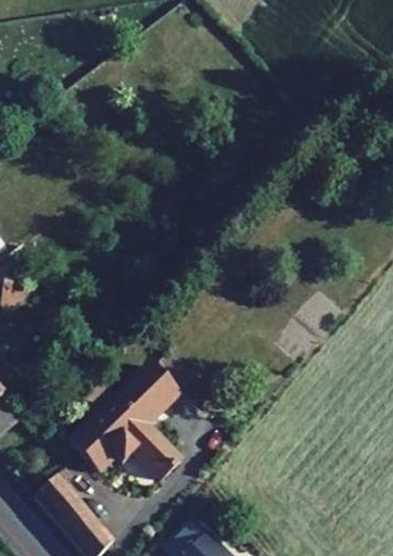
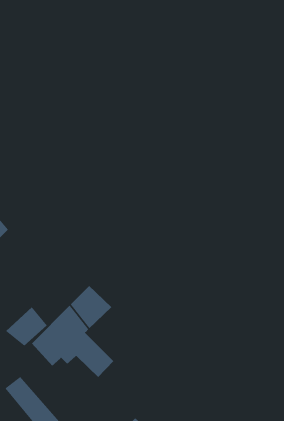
building: none -> [5,306,48,346]

